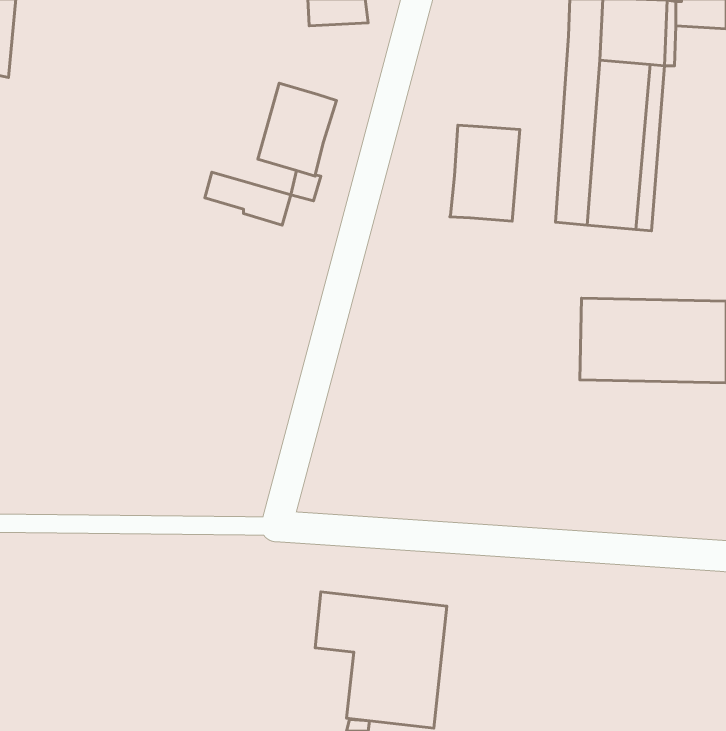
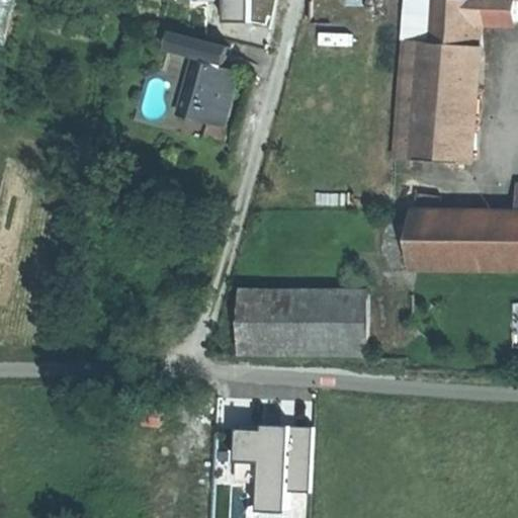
building: [450,125,520,221] -> none
building: [205,172,291,225] -> [170,29,231,67]
building: none -> [241,292,366,356]

